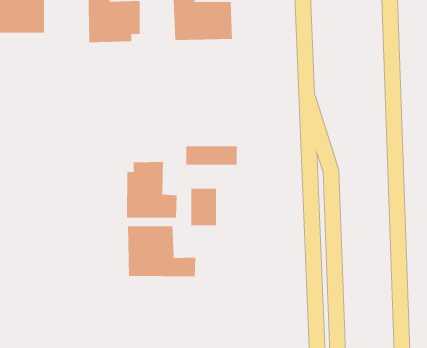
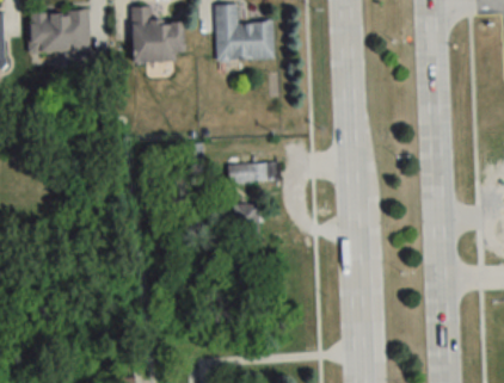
building: [126,161,177,218] -> none
building: [128,226,196,277] -> none

